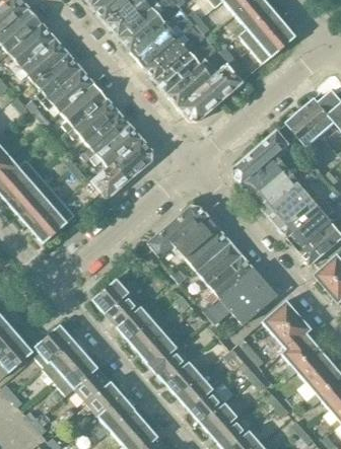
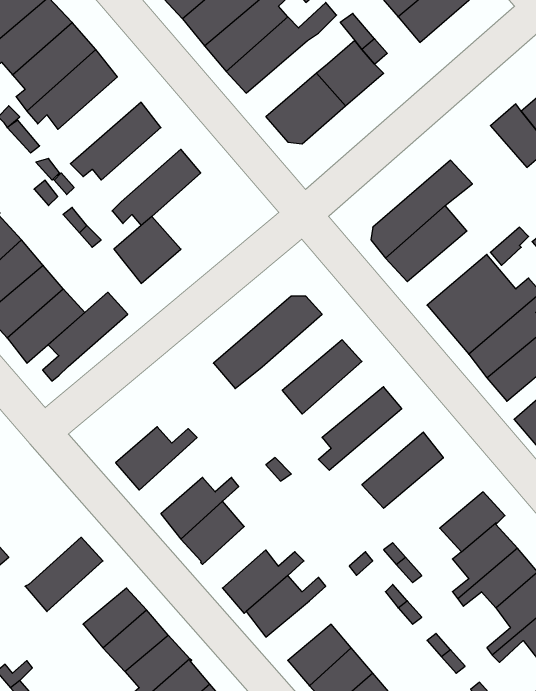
building: [165,59,211,105] -> none
building: [60,83,107,132] -> none
building: [288,110,323,159] -> none
building: [81,111,129,161] -> [43,292,128,381]
building: [113,137,152,179] -> none
building: [256,168,309,211] -> none
building: [175,216,219,258] -> none
building: [197,242,243,285] -> none
building: [203,269,265,324] -> none
building: [106,285,142,327] -> none
building: [262,301,298,335] -> none
building: [35,324,73,367] -> none
building: [141,326,179,369] -> none
building: [54,354,98,396] -> none
building: [177,376,213,409] -> none

